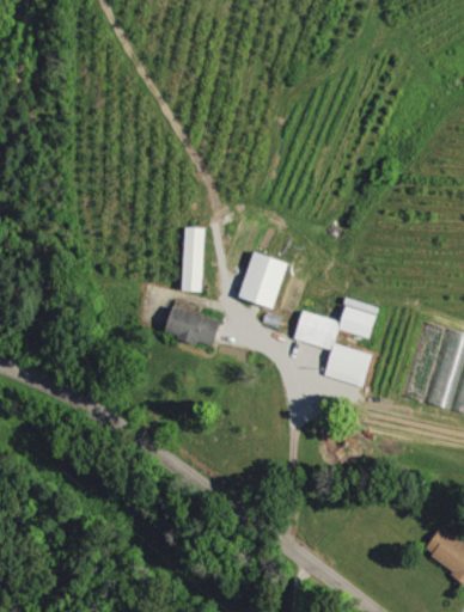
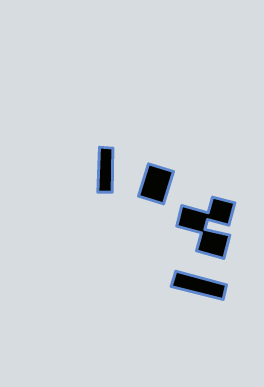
building: [165,307,219,345] -> none
building: none -> [171,271,226,300]

